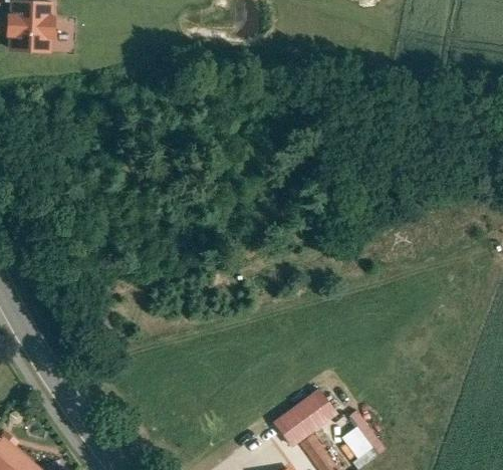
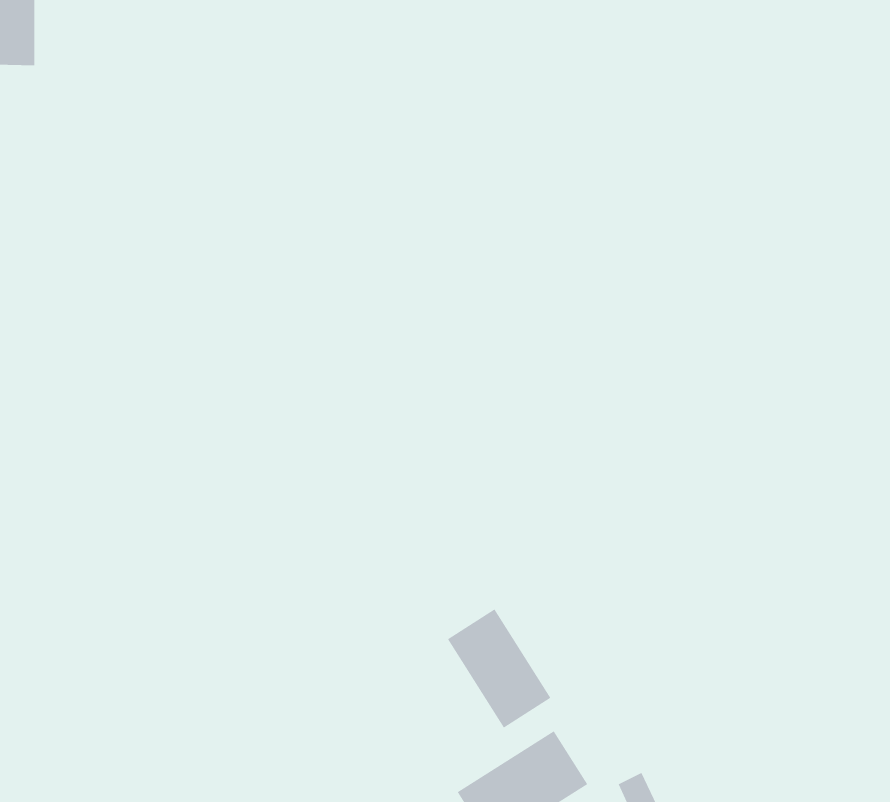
building: none -> [447,609,551,728]

